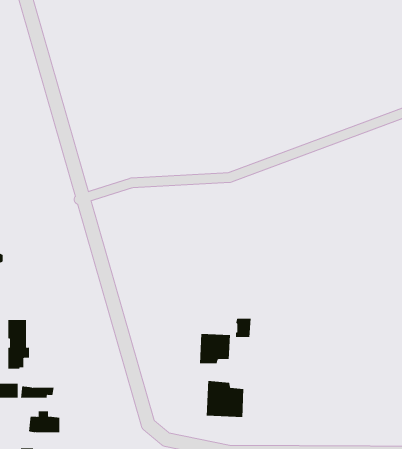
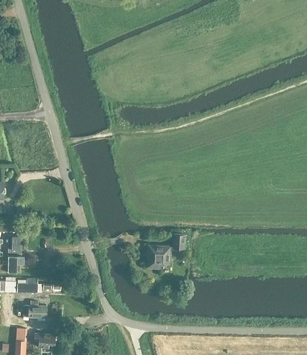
building: [206,380,244,418] -> none

